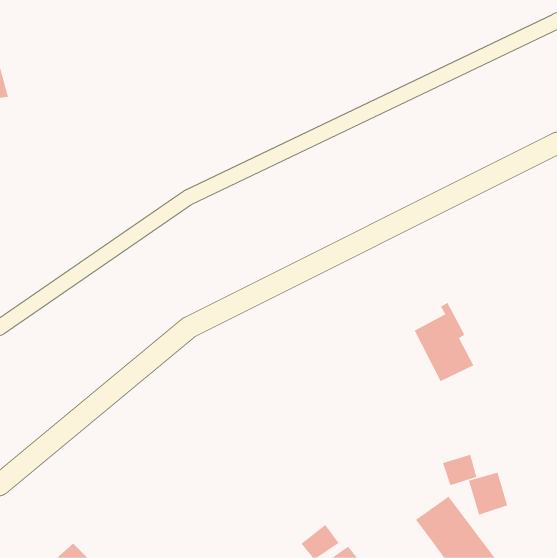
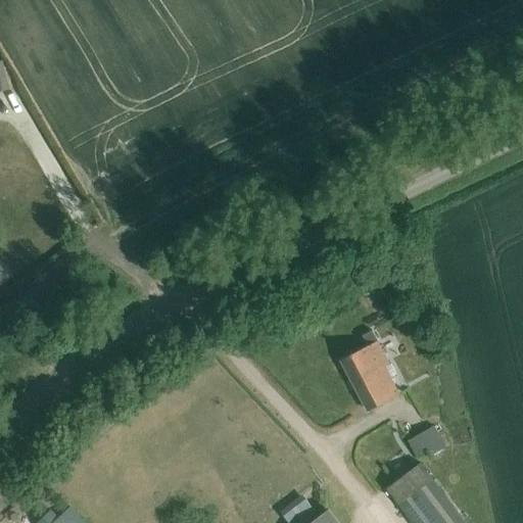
building: [414,302,474,382] -> [339,335,395,410]
building: [468,472,508,515] -> none

